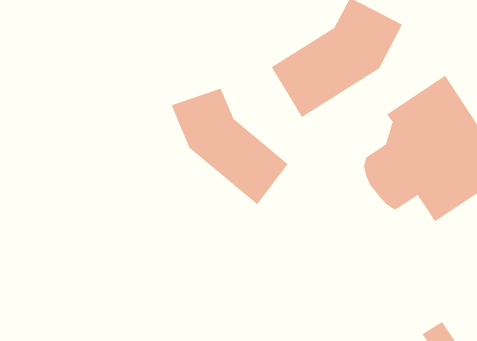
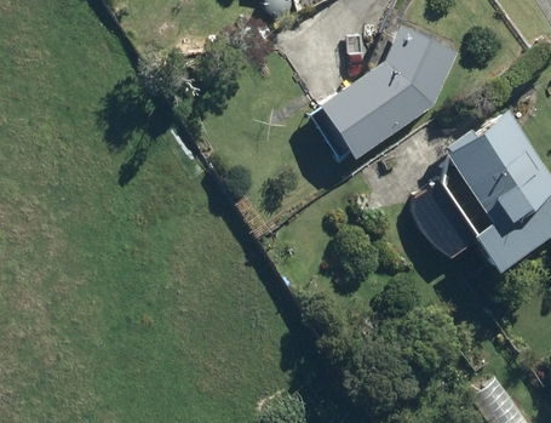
building: [171,88,289,205] -> none

